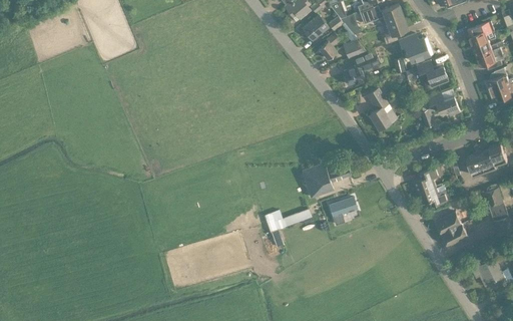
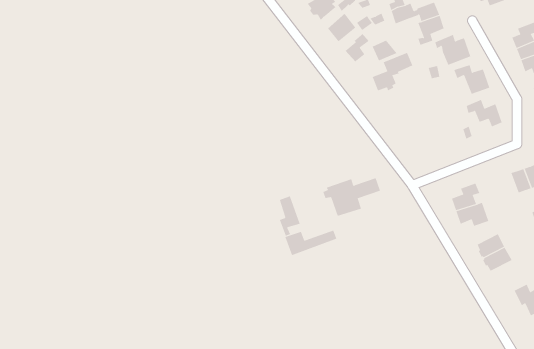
building: [367,88,396,128] -> none
building: none -> [279,196,300,236]
building: [328,197,357,225] -> none

